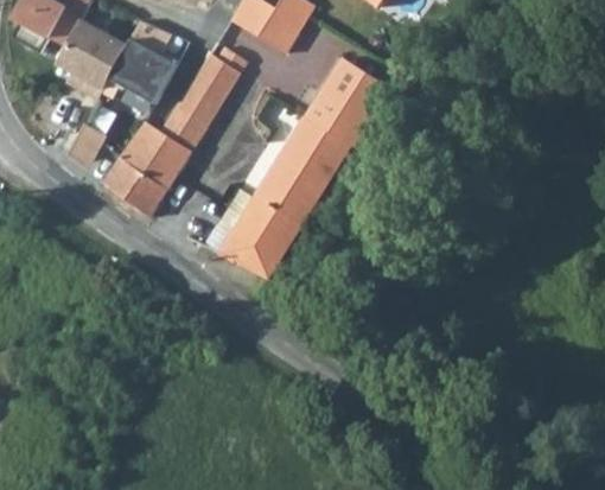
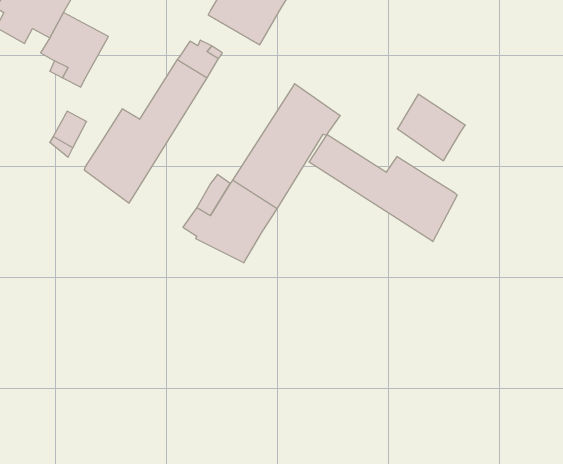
building: [103,19,178,102] -> none
building: [320,58,390,127] -> [397,94,465,161]
building: none -> [309,135,457,242]

